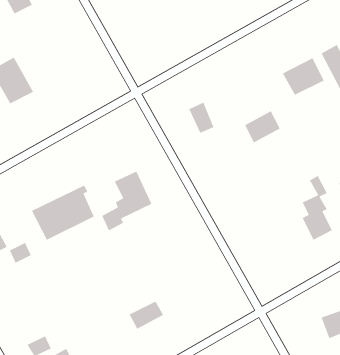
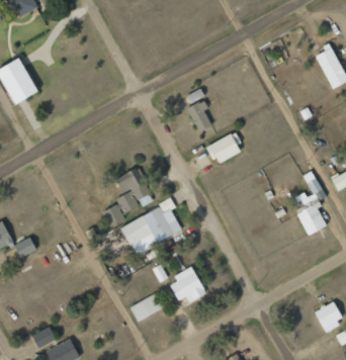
building: [282,57,325,96] -> none
building: [244,110,281,144] -> [207,132,243,165]
building: [31,184,95,241] -> [120,200,182,255]
building: none -> [171,267,205,302]

